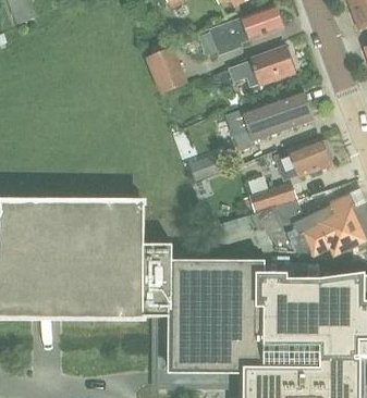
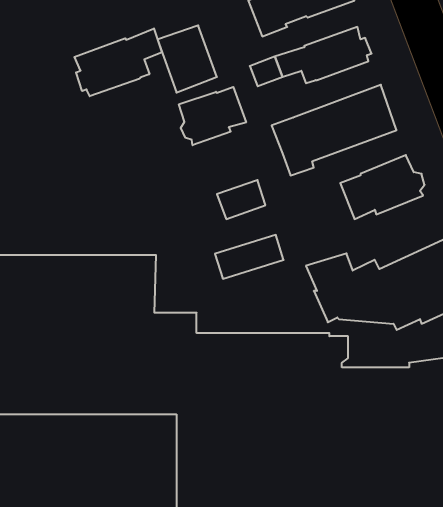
building: none -> [74,28,162,96]
building: none -> [179,87,246,145]
building: [248,179,296,210] -> [215,235,284,279]

